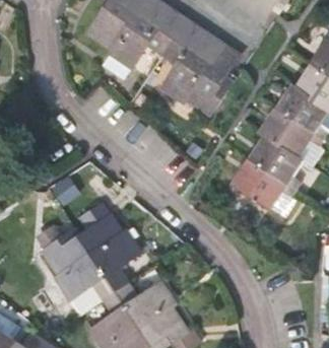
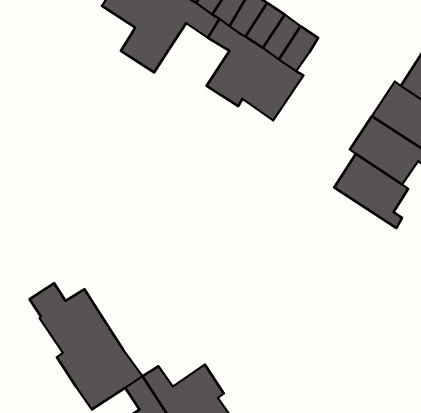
building: [236,158,294,214] -> none
building: [81,203,138,290] -> none

